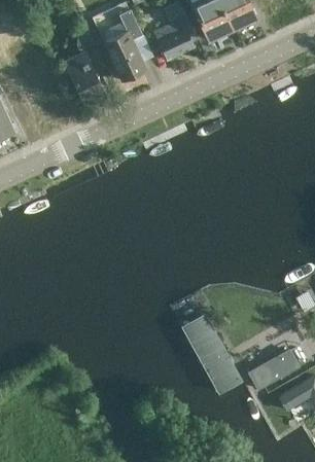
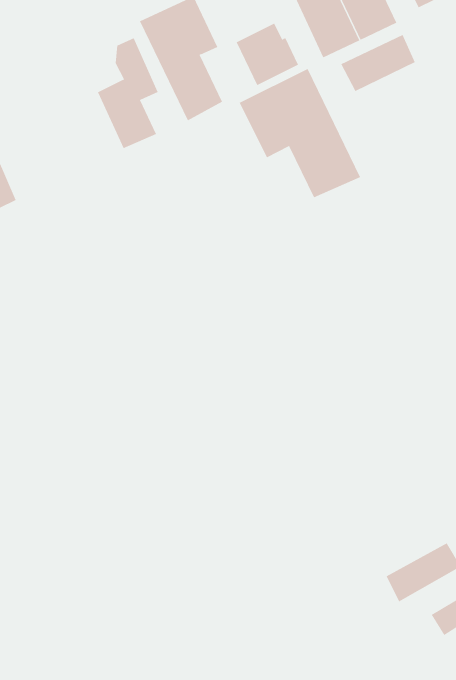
building: none -> [340,34,415,92]
building: none -> [239,68,361,198]
building: [183,316,240,392] -> none

